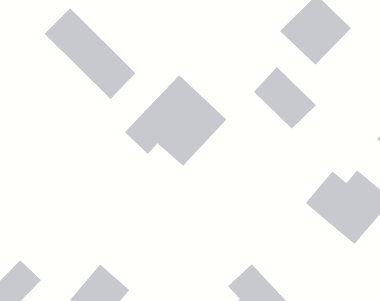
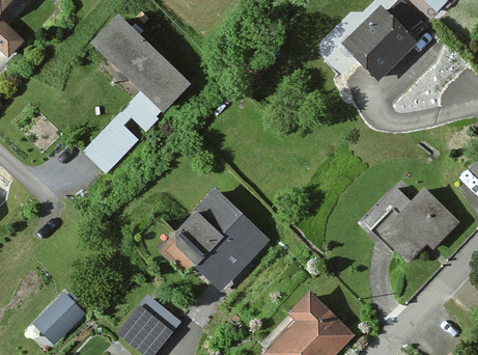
building: [253,66,317,130] -> none
building: [124,74,227,167] -> [159,192,268,290]

